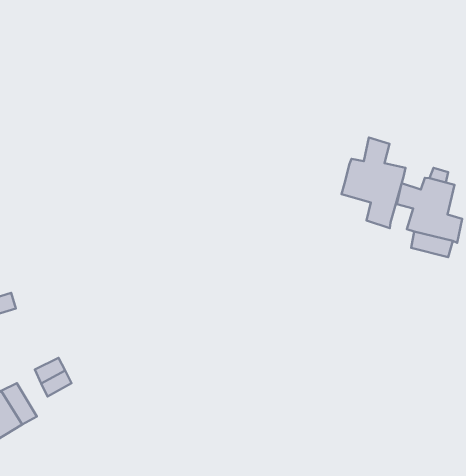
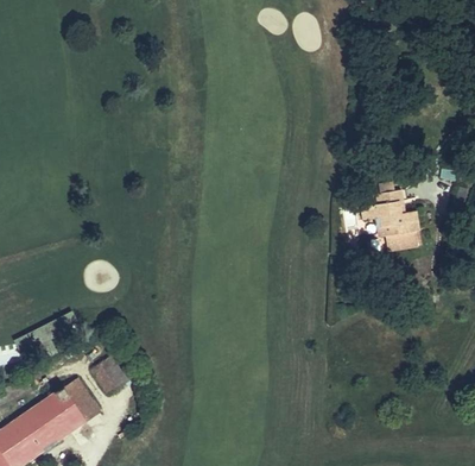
building: [341,138,406,228] -> none

